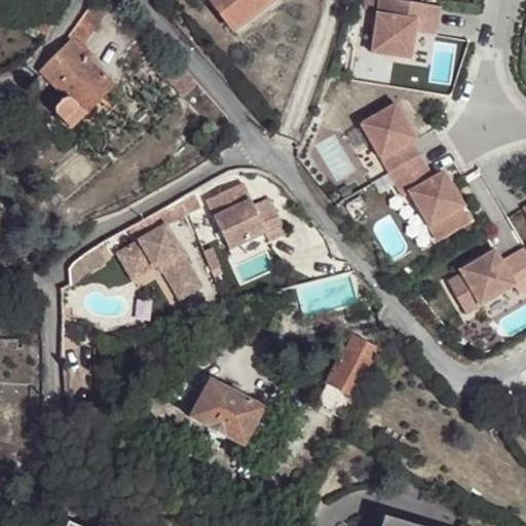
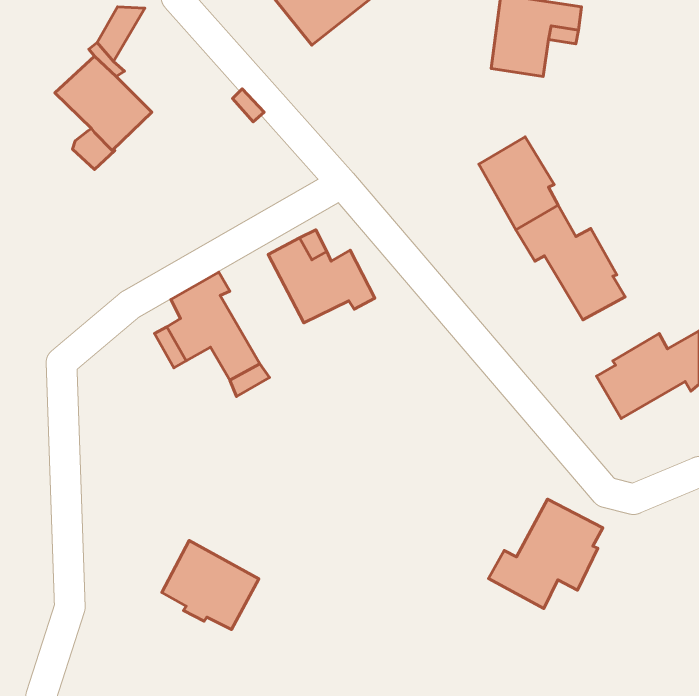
building: [325,347,370,393] -> none
building: none -> [488,499,603,608]
building: [190,378,263,445] -> [162,541,259,630]

